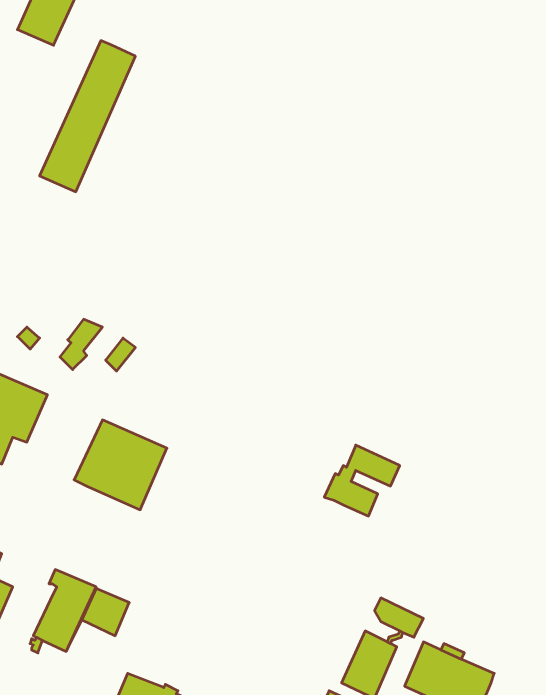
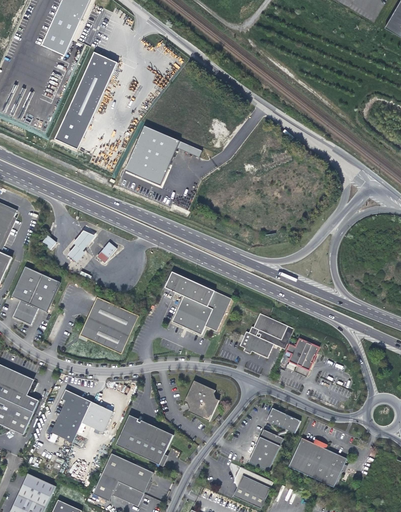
building: none -> [124,126,201,185]
building: none -> [163,270,229,332]
building: none -> [285,337,317,368]
building: none -> [182,380,217,421]
building: none -> [115,416,172,465]

